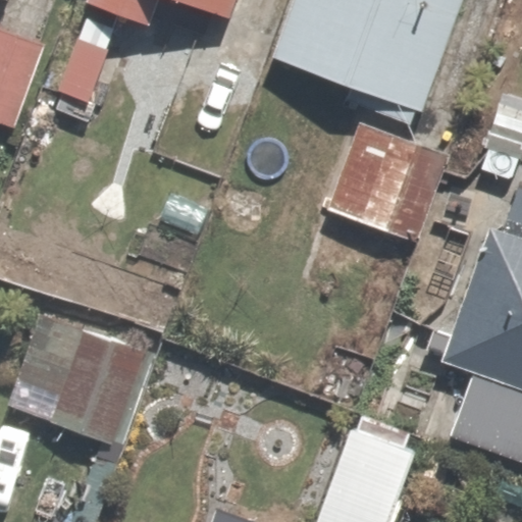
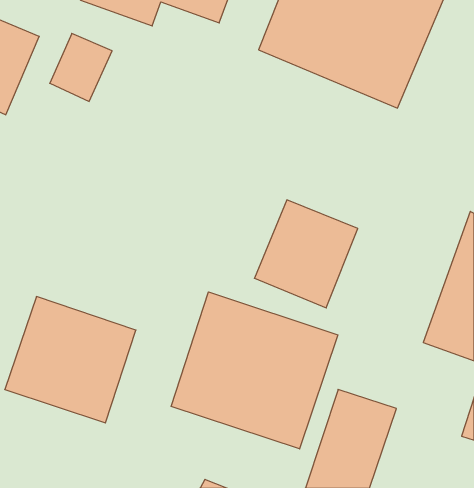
building: [330,126,440,242] -> [254,200,358,308]
building: none -> [171,292,338,449]

